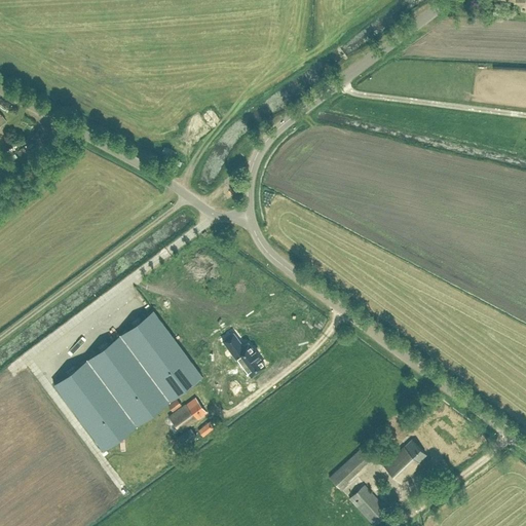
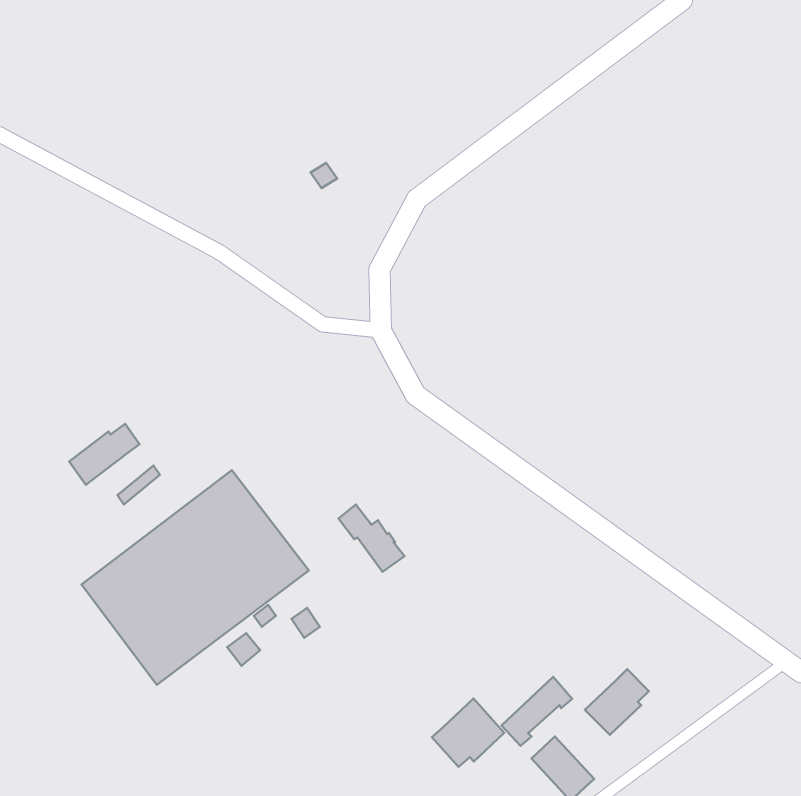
building: none -> [69,424,140,485]
building: none -> [432,699,504,767]

